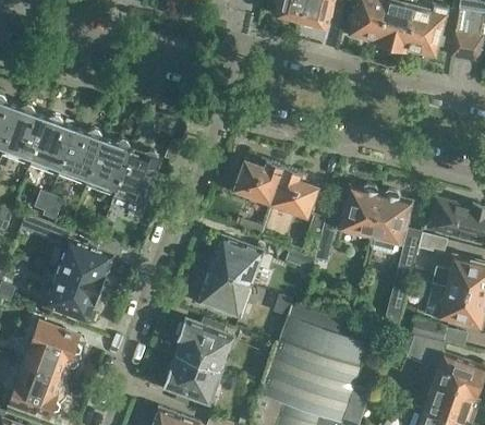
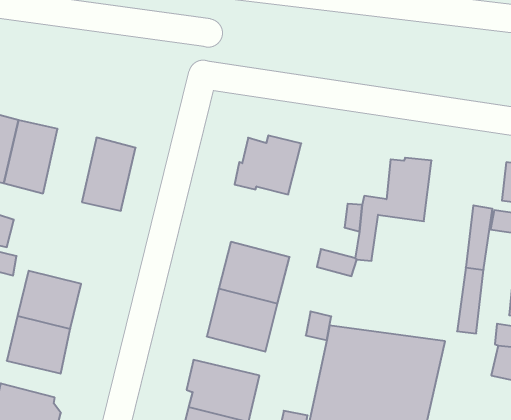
building: [86,136,131,193] -> none
building: [269,168,318,221] -> none
building: [366,192,409,256] -> none

